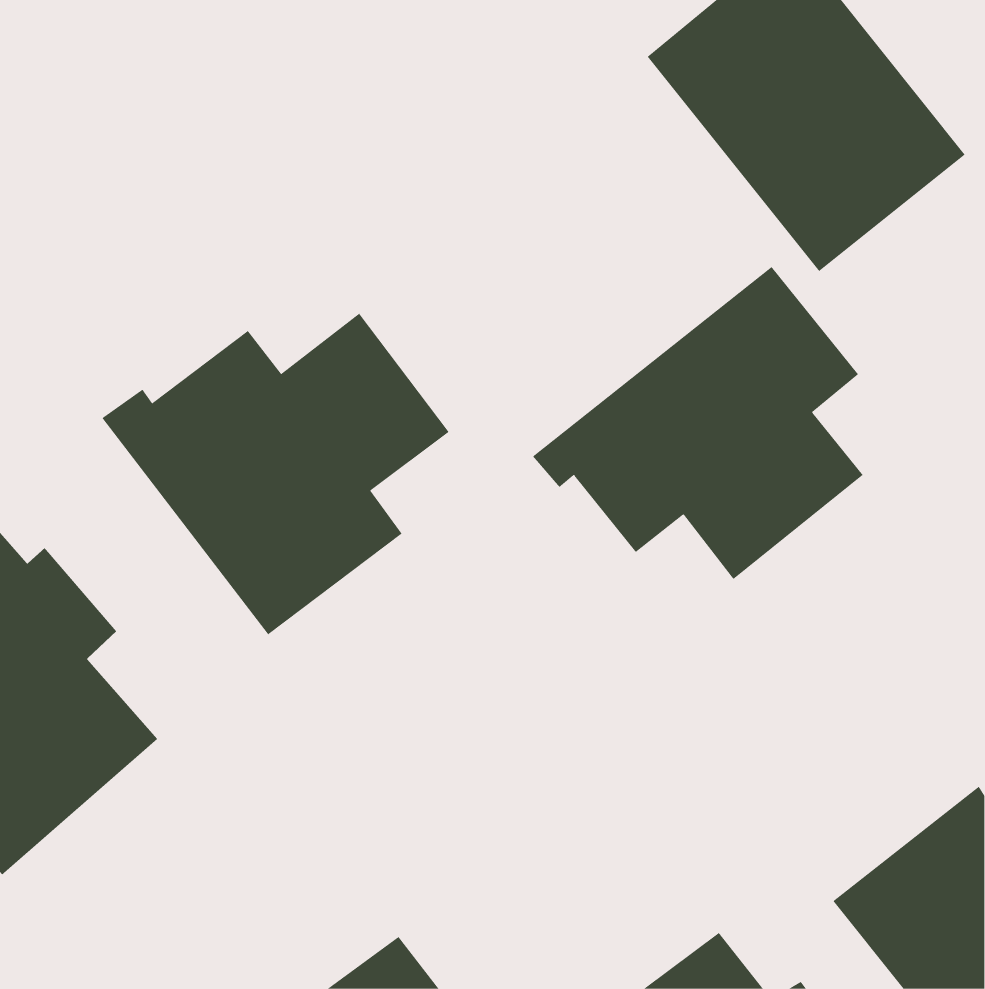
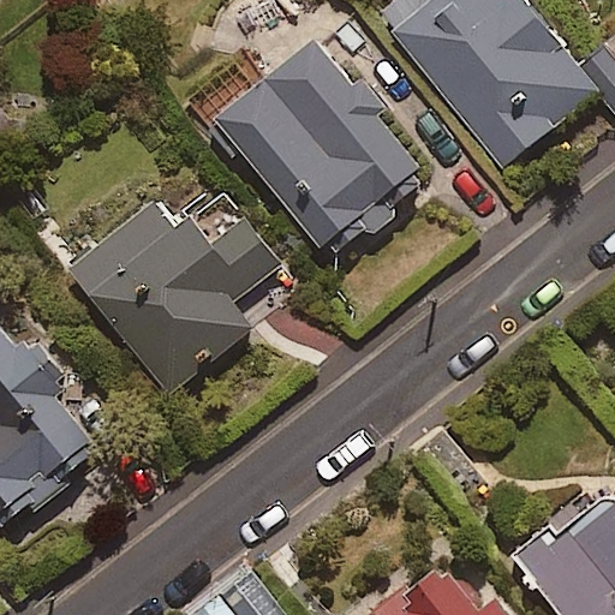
building: none -> [217,42,425,257]
building: [532,266,864,580] -> none

